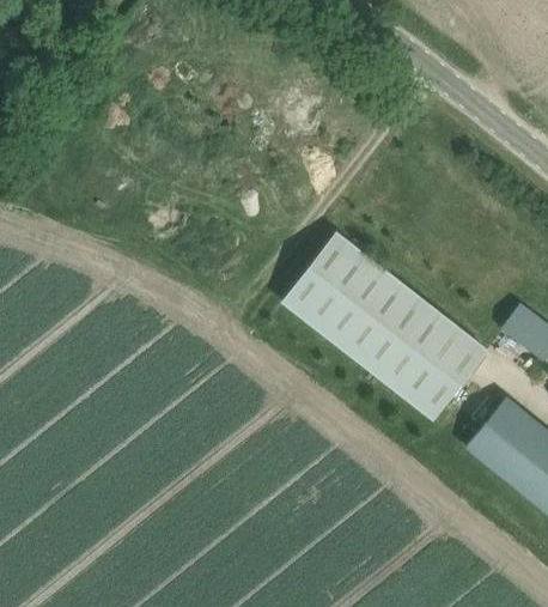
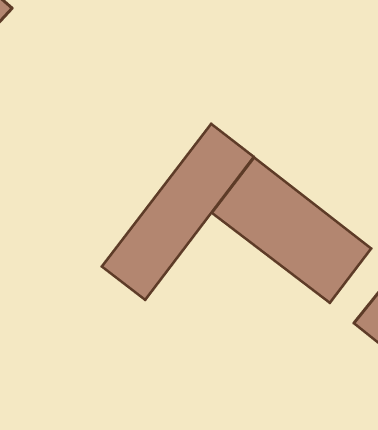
building: none -> [102,124,254,300]

